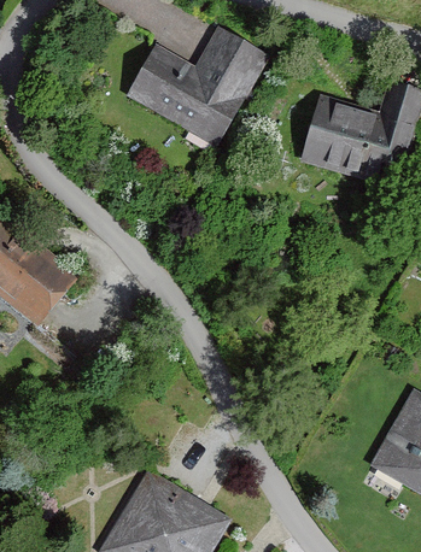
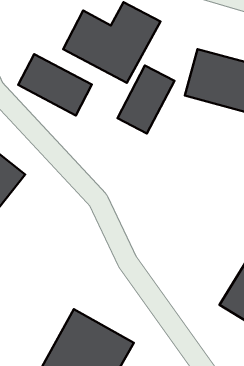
building: none -> [18,54,92,115]
building: none -> [117,66,174,133]

